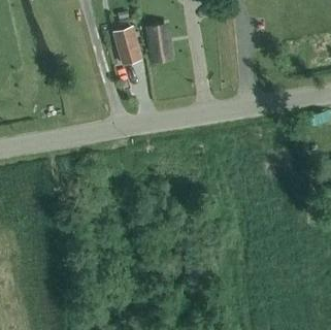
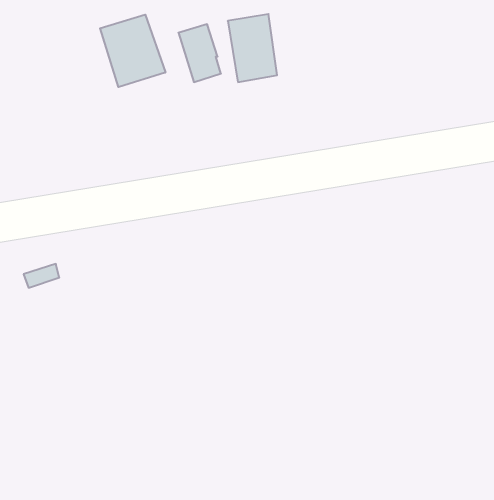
building: none -> [100,15,165,87]

